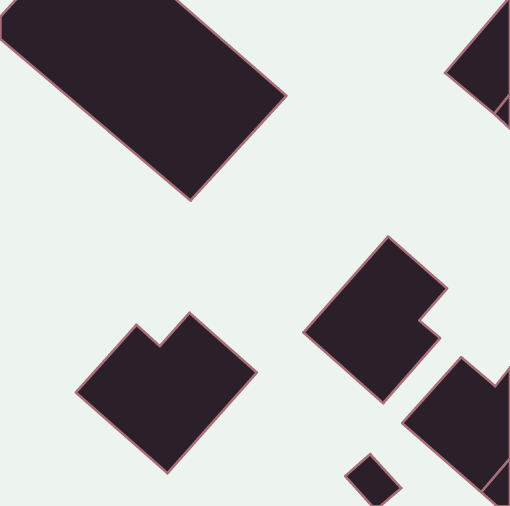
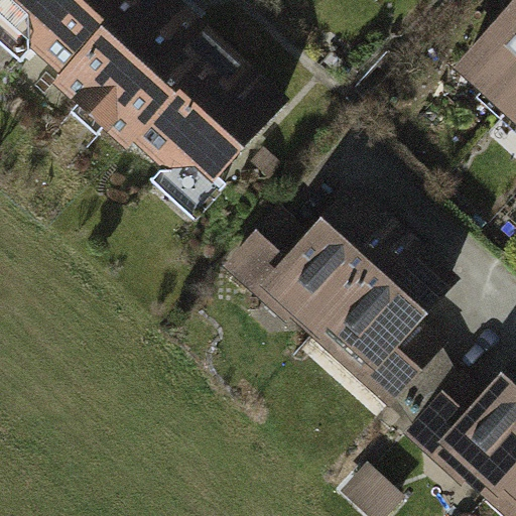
building: none -> [227,199,392,336]
building: [76,313,257,473] -> none

